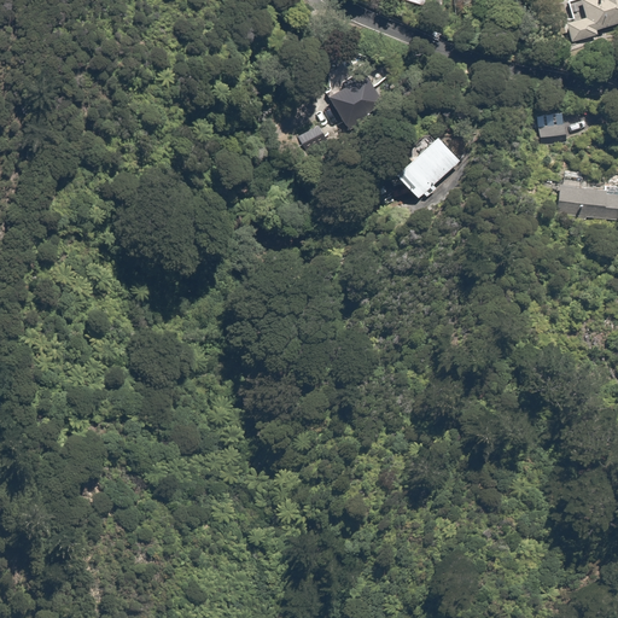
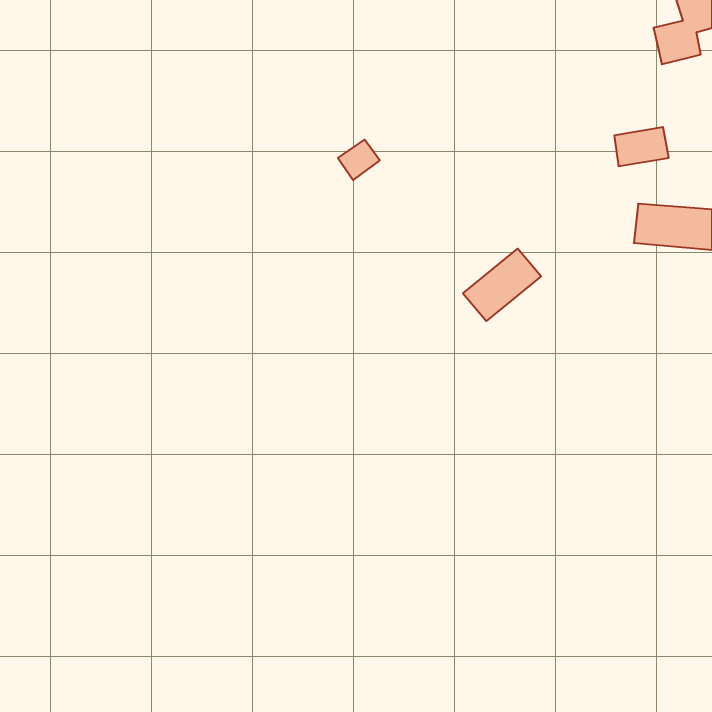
building: [327,74,386,130] -> none
building: [397,135,465,198] -> [463,249,541,321]

